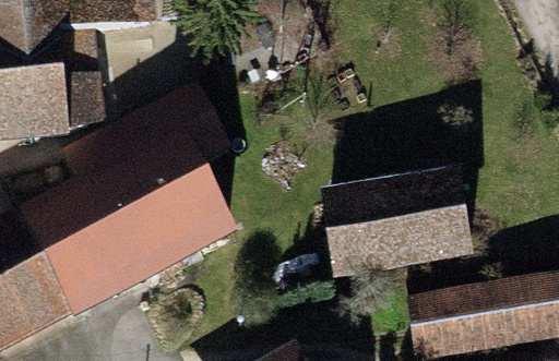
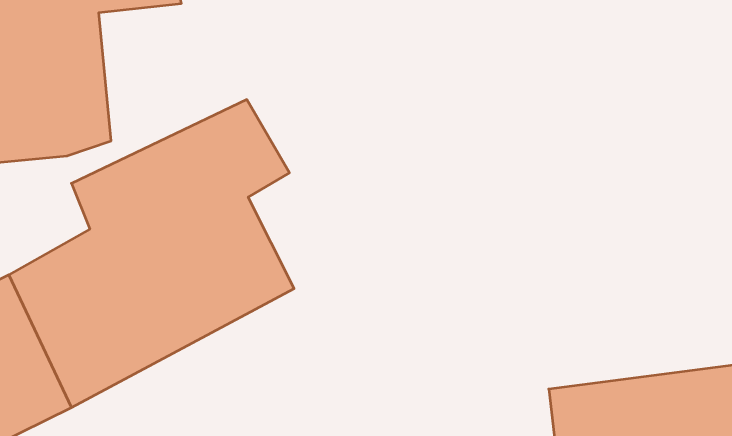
building: [334,181,473,268] -> none

